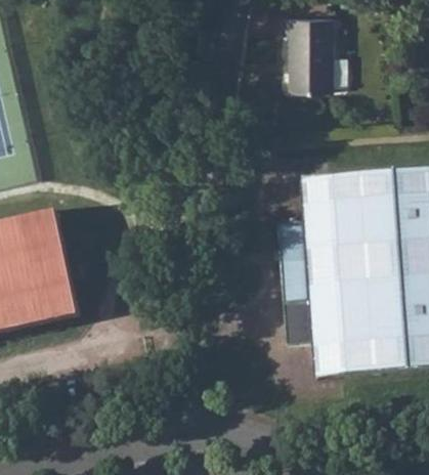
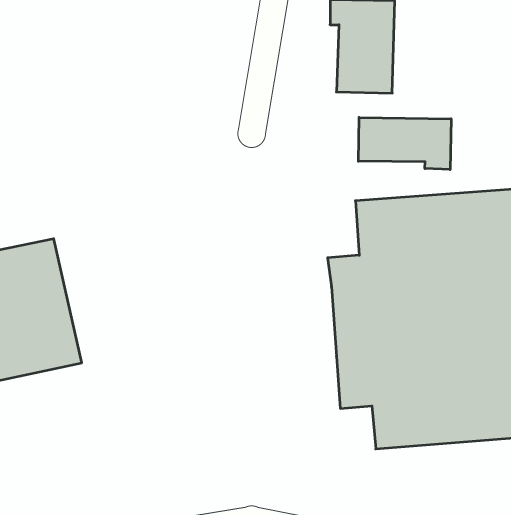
building: none -> [358,117,451,170]

